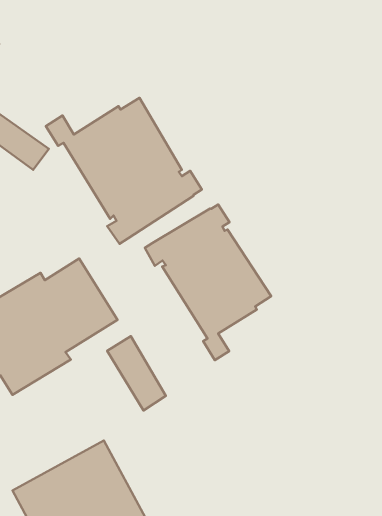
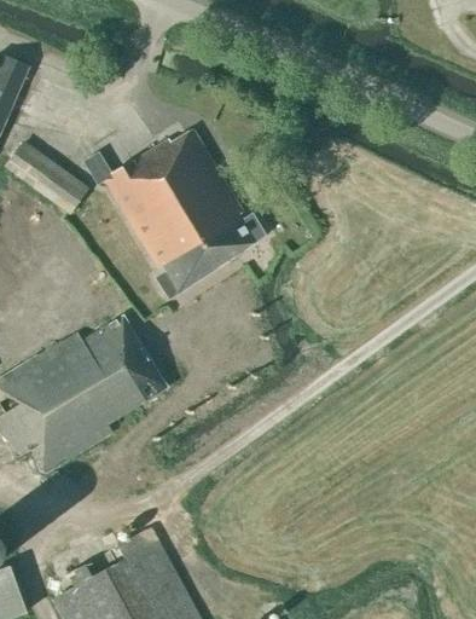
building: [145,204,271,360] -> none
building: [107,336,166,411] -> none

